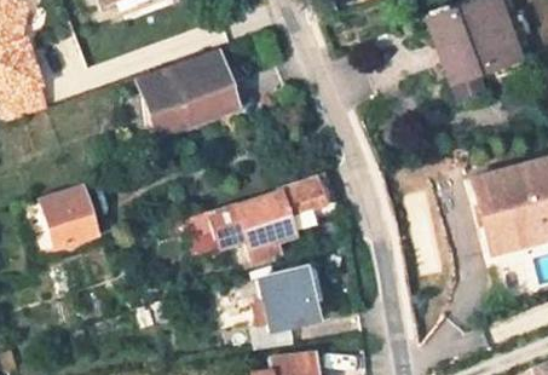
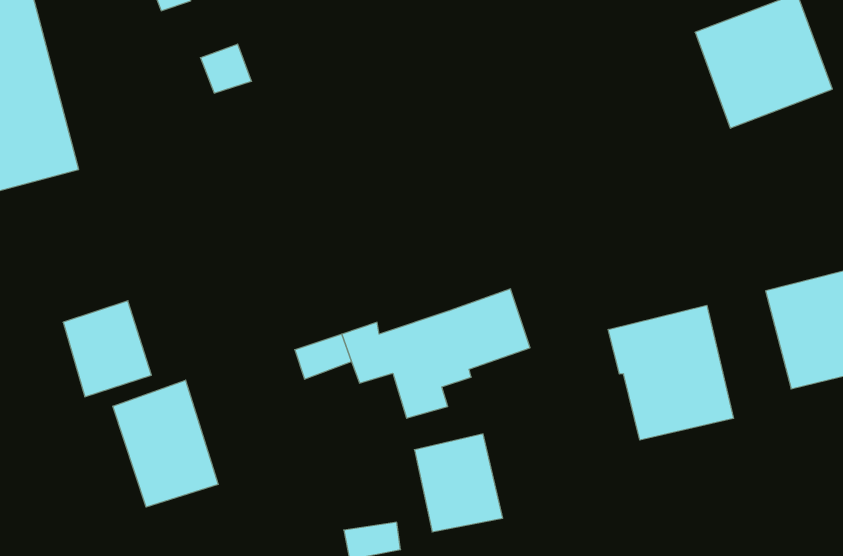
building: [138,52,236,129] -> none
building: none -> [608,305,734,440]
building: none -> [113,380,218,507]

